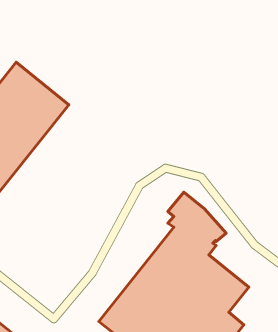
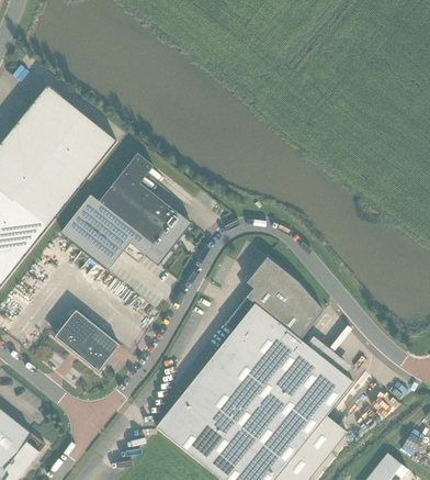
building: none -> [61,152,190,268]
building: none -> [55,310,120,370]

